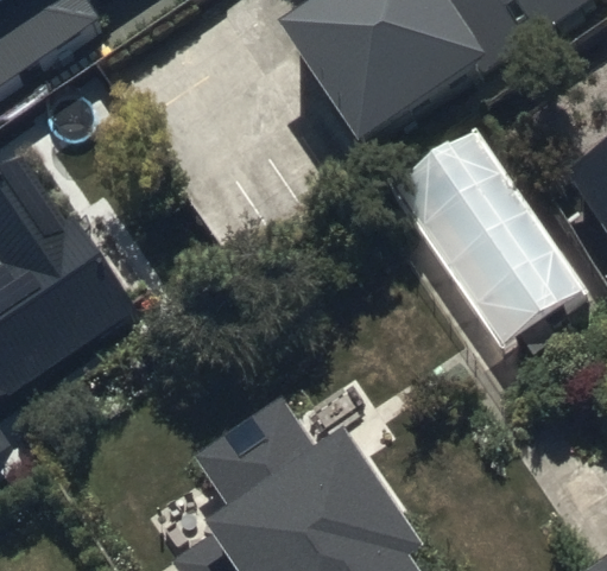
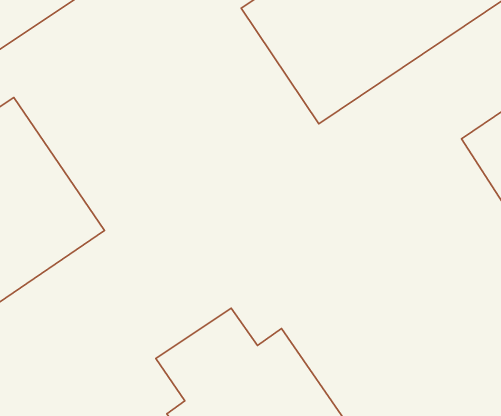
building: [393,142,589,364] -> none

